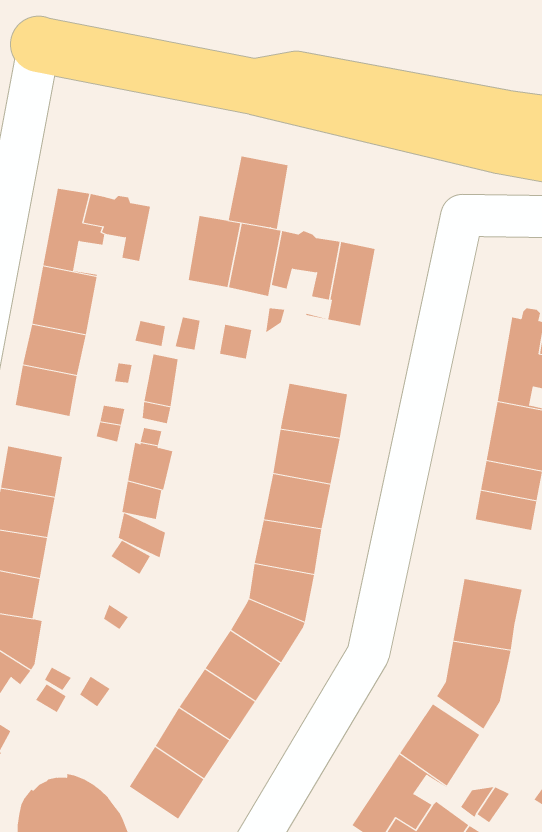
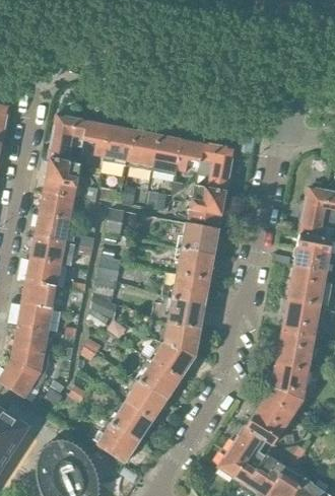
building: [228,156,289,230] -> [103,126,136,166]
building: none -> [188,186,225,225]
building: none -> [30,235,65,264]
building: none -> [282,298,320,337]

